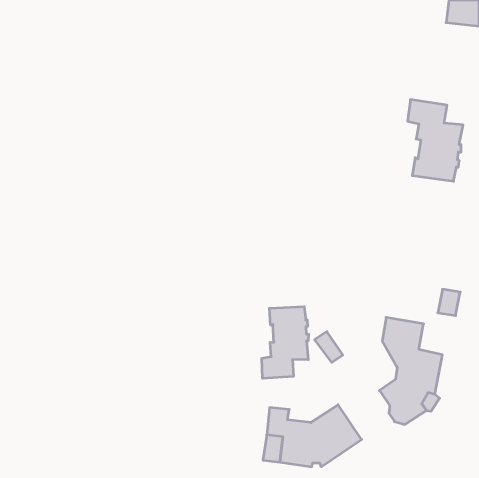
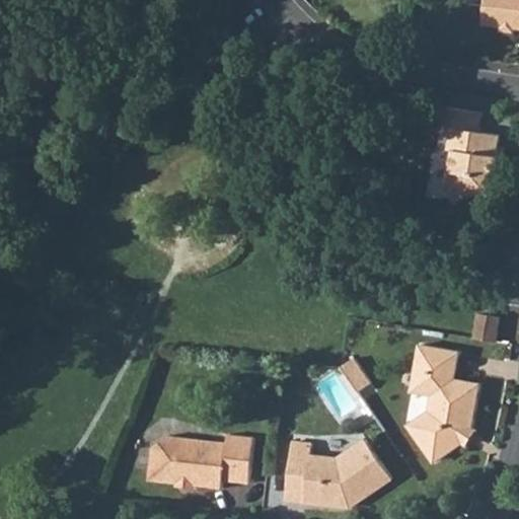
building: [262,307,309,378] -> none
building: none -> [146,435,252,489]

